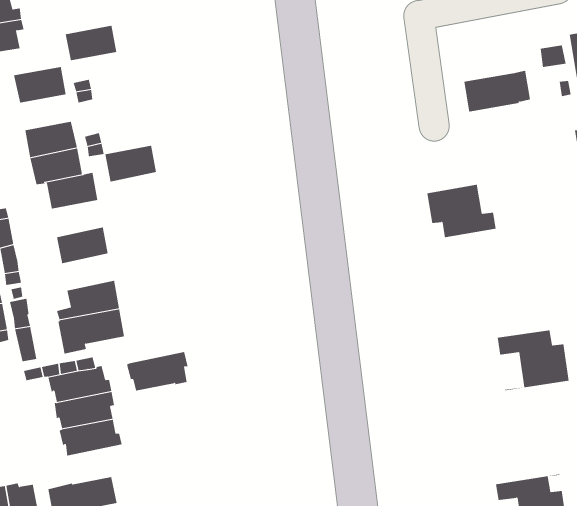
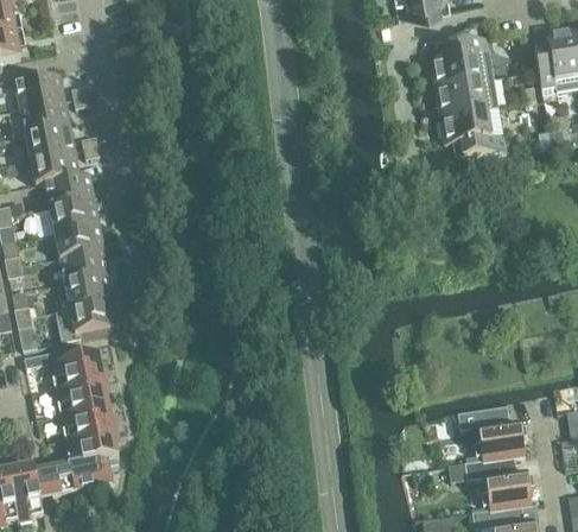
building: [65,25,117,61] -> [20,100,69,133]
building: none -> [430,36,493,88]
building: [105,145,157,182] -> [50,198,99,233]
building: [426,184,496,238] -> [439,108,504,158]
building: none -> [59,248,109,283]
building: [497,330,569,391] -> [457,406,525,463]
building: [126,352,189,391] -> [62,426,120,463]

